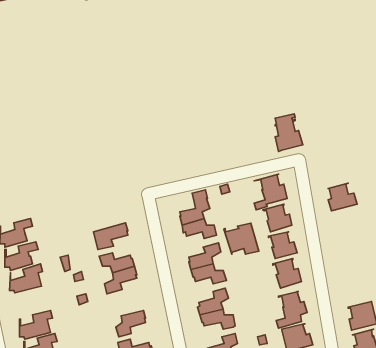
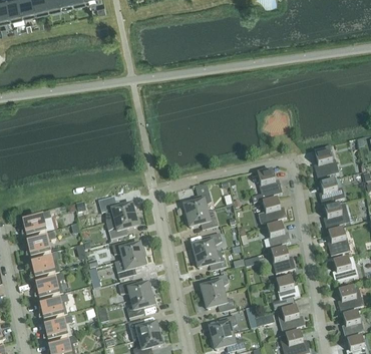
building: [275,114,303,151] -> [315,146,340,181]
building: none -> [104,204,136,225]
building: none -> [324,205,351,231]
building: [224,223,259,254] -> none
building: none -> [328,230,351,258]
building: none -> [333,258,359,284]
building: none -> [35,275,65,301]
building: none -> [119,283,152,301]

